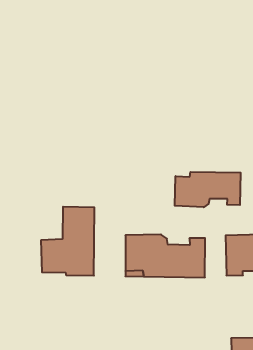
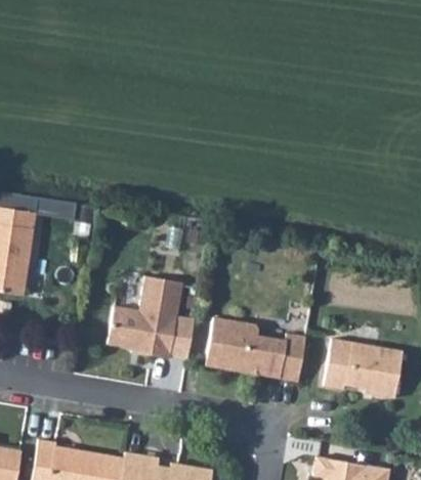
building: [175,172,241,207] -> none

